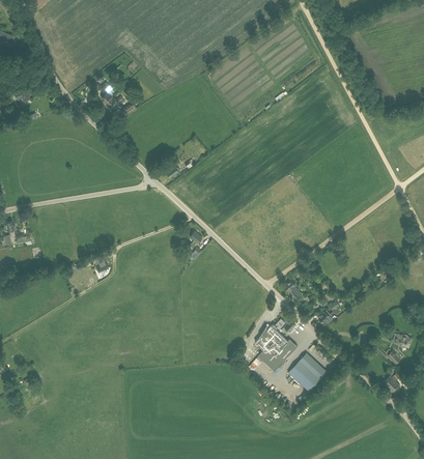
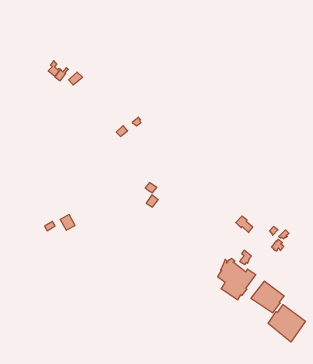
building: none -> [268,305,305,342]

